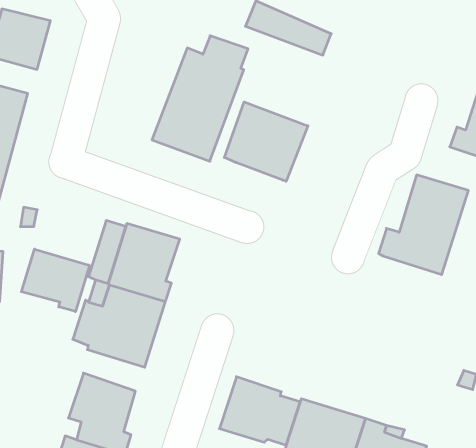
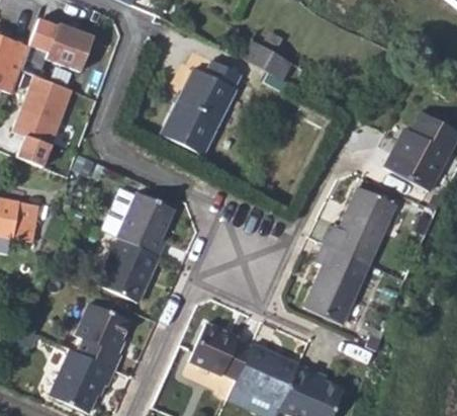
building: [224,102,308,181] -> none
building: [21,249,89,312] -> none
building: none -> [303,242,367,321]

